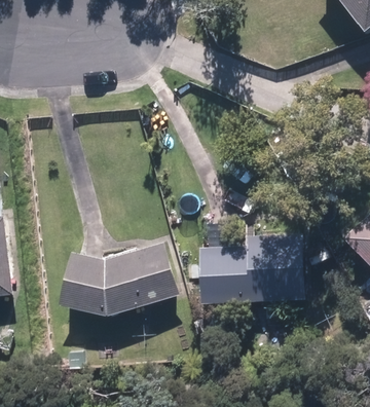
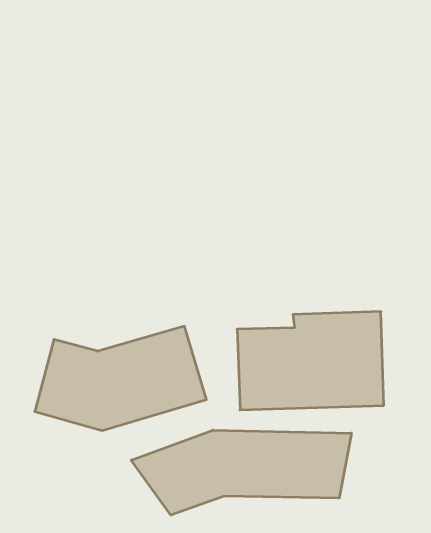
building: none -> [131,430,351,515]

